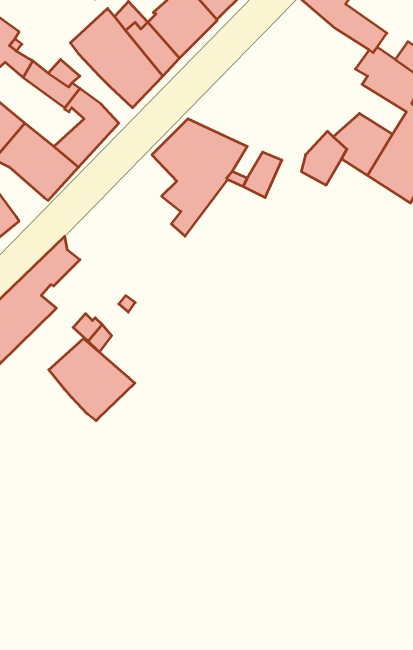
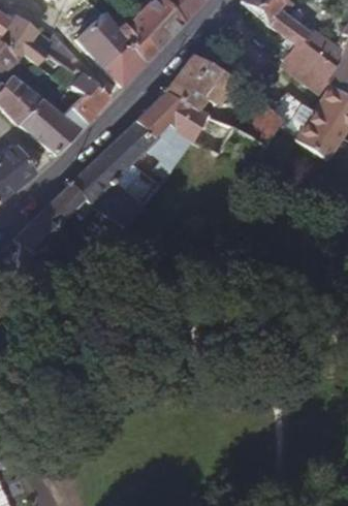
building: none -> [163,57,221,110]
building: none -> [71,121,155,203]
building: [49,339,135,421] -> none

